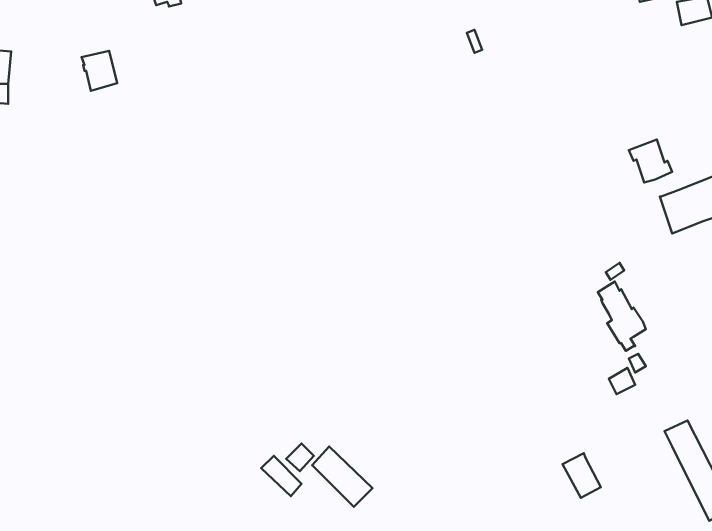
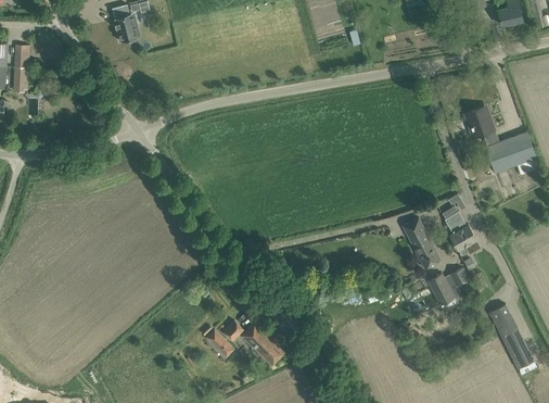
building: [81,51,117,91] -> [114,14,139,42]
building: none -> [403,218,441,268]
building: [562,453,601,498] -> [427,274,455,305]

